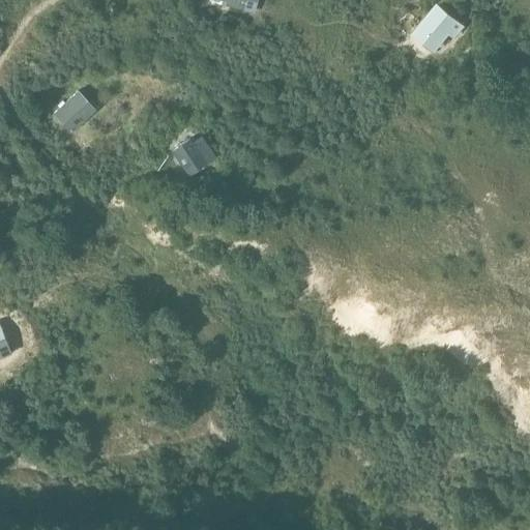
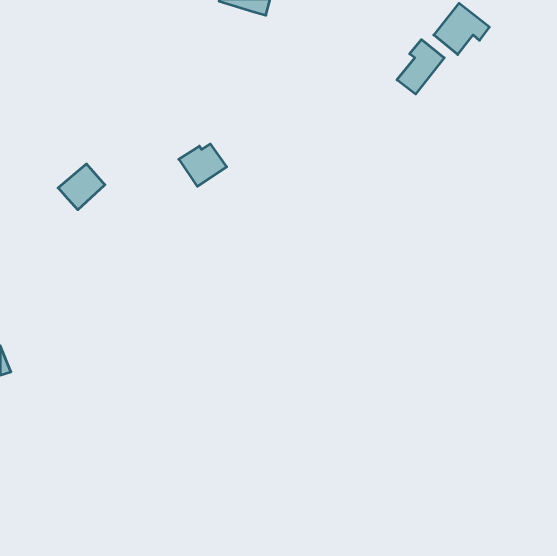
building: none -> [397,40,444,94]
building: [51,90,95,134] -> [58,164,105,210]

